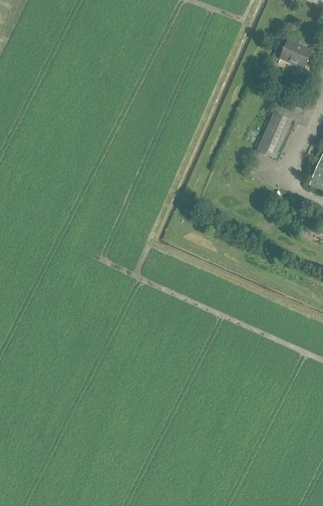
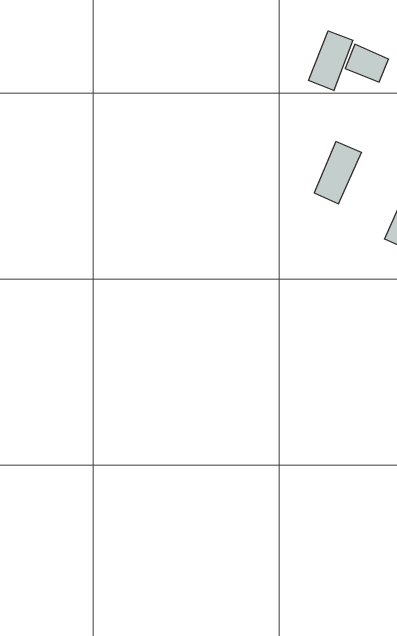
building: none -> [308,31,353,91]

